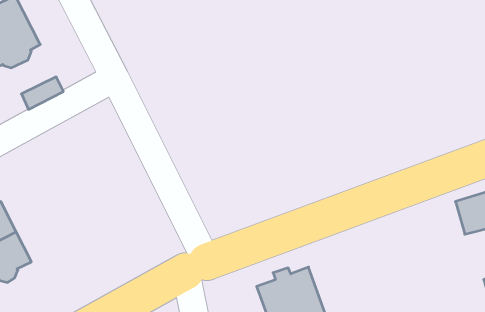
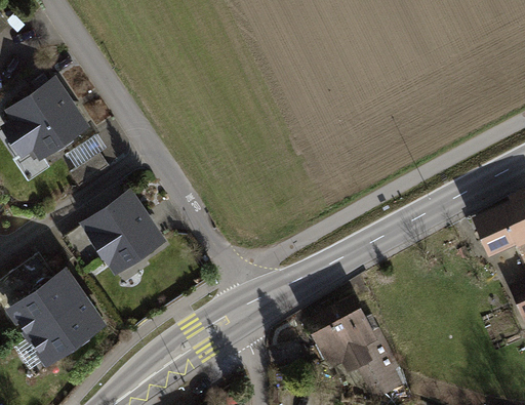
building: none -> [89,197,160,269]

